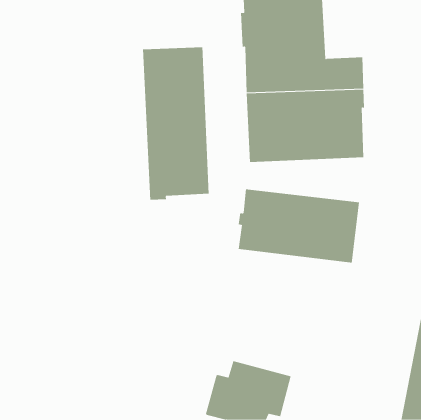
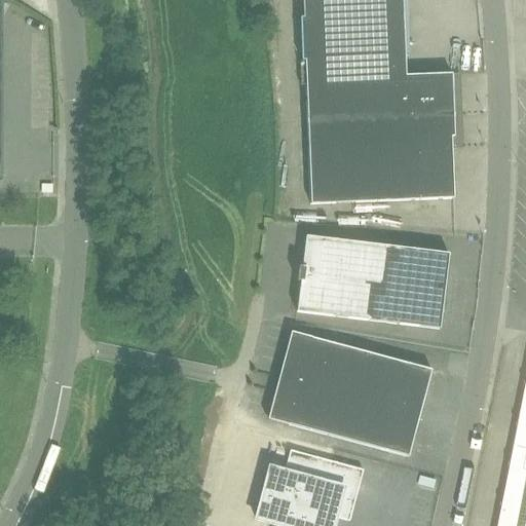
building: [142,47,209,200] -> none
building: none -> [270,330,431,455]

